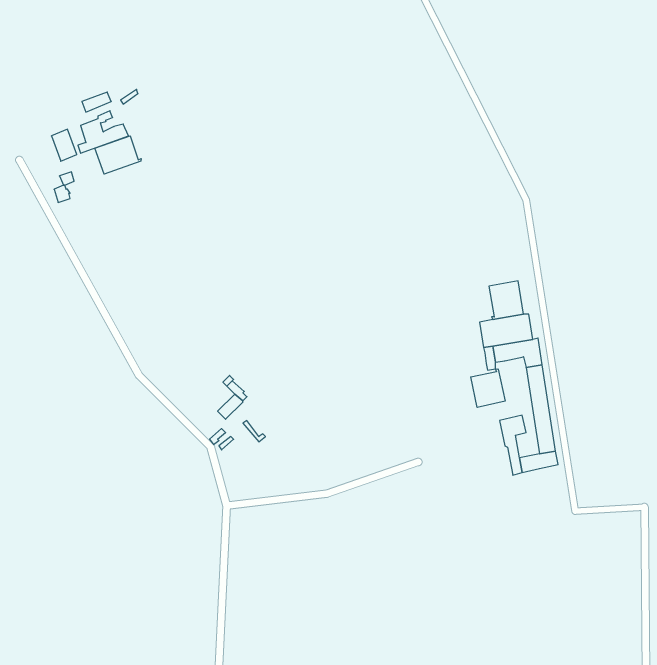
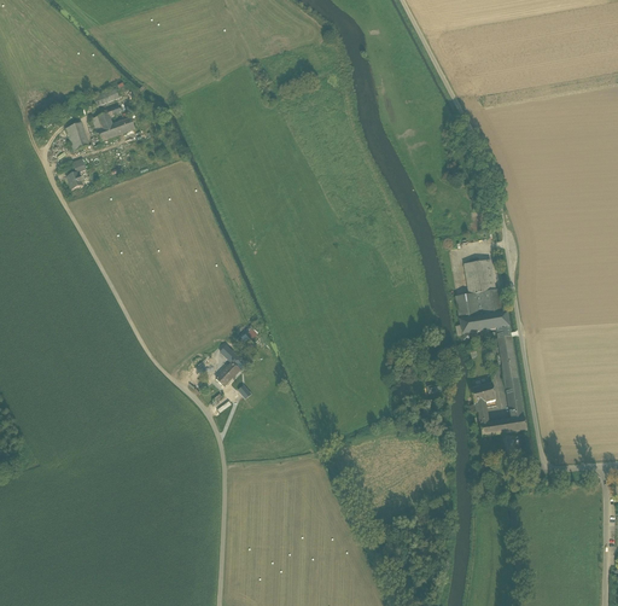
building: [95,136,141,174] -> none
building: [471,369,505,407] -> none

